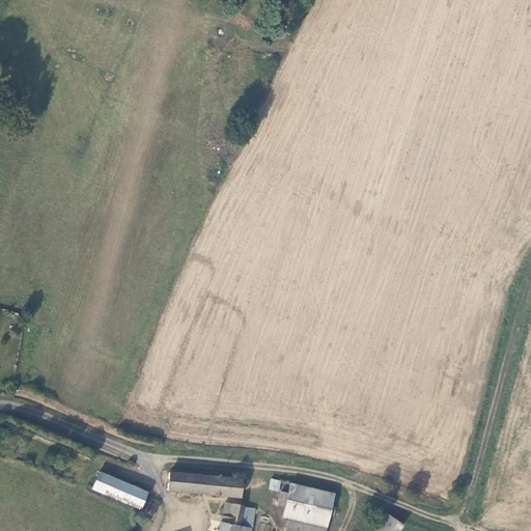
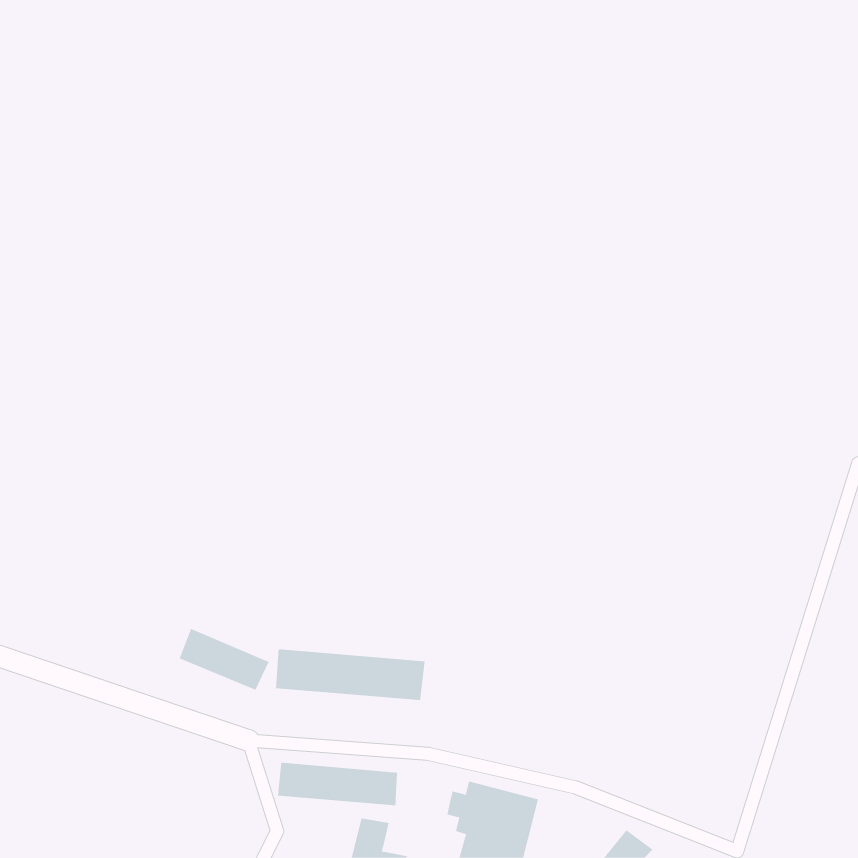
building: none -> [275,649,425,701]
building: [94,471,150,509] -> [179,628,269,690]

